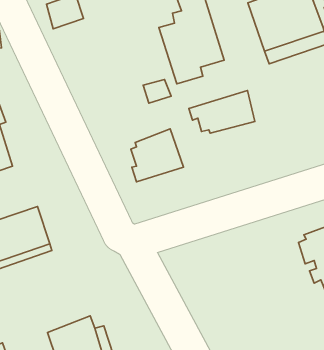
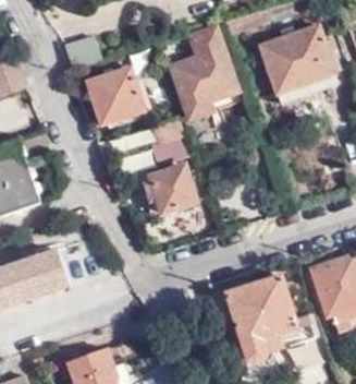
building: none -> [89,68,145,122]
building: [189,90,255,133] -> none
building: none -> [226,277,315,359]

